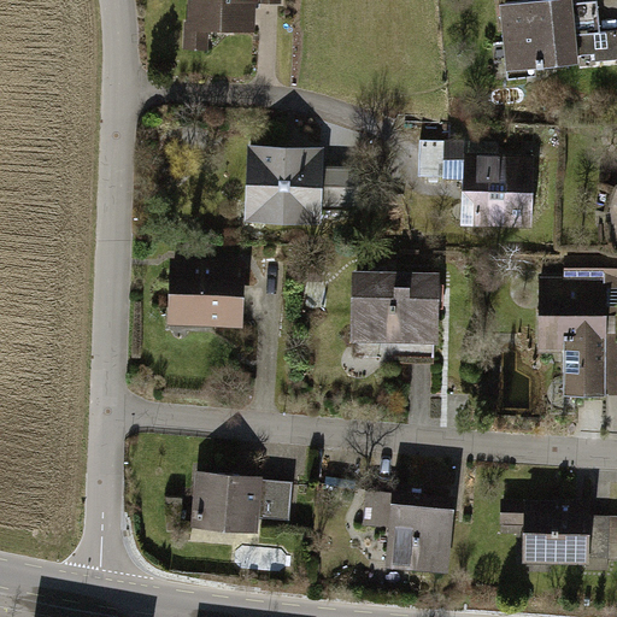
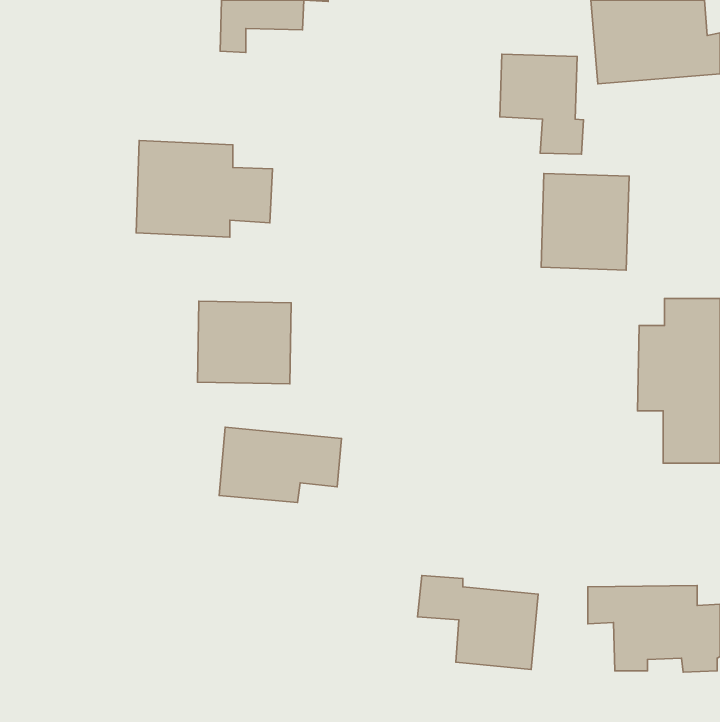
building: none -> [500,54,584,154]
building: [243,145,359,227] -> [136,141,273,237]
building: [349,269,440,343] -> none
building: [189,471,293,535] -> [219,427,341,503]

